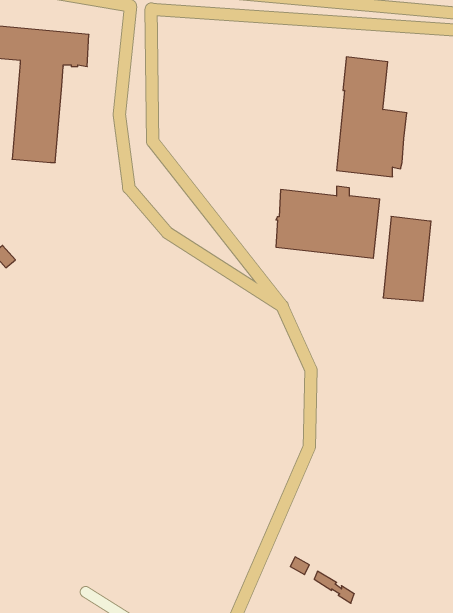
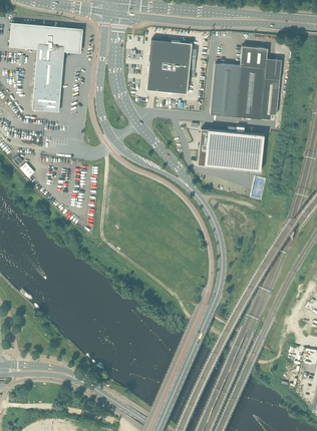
building: none -> [146,38,192,92]
building: [383,216,431,301] -> [211,62,241,115]

